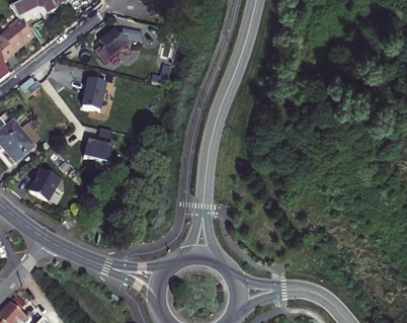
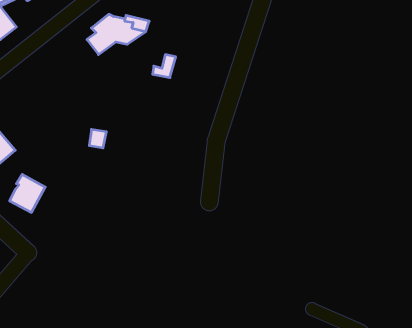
building: [82,79,105,111] -> none
building: [85,140,113,162] -> none

